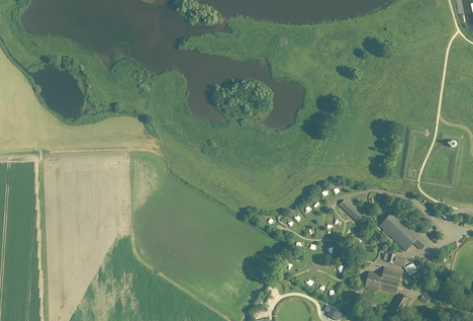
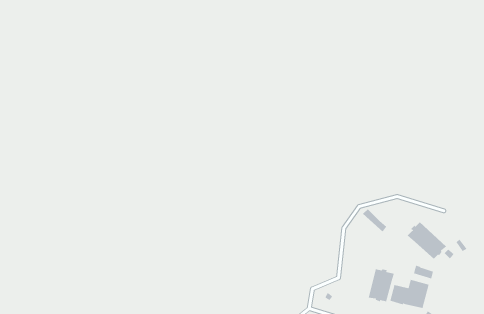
building: none -> [368,268,394,302]

